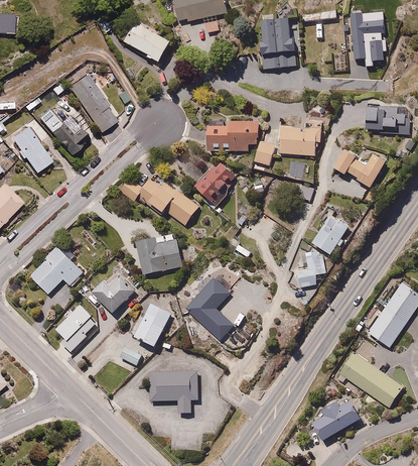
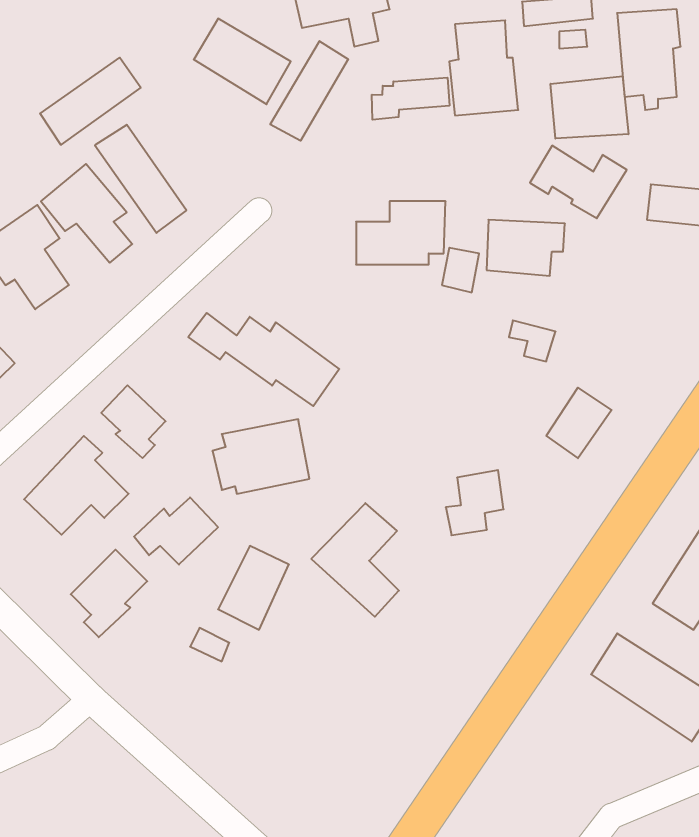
building: none -> [270,41,348,141]
building: none -> [40,58,141,145]
building: none -> [551,76,628,139]
building: none -> [372,78,449,120]
building: [333,148,386,188] -> [530,146,627,218]
building: [194,161,235,207] -> none
building: none -> [101,385,166,458]
building: [294,252,325,287] -> [446,470,504,535]
building: [149,370,197,413] -> none
building: [312,401,360,441] -> none

